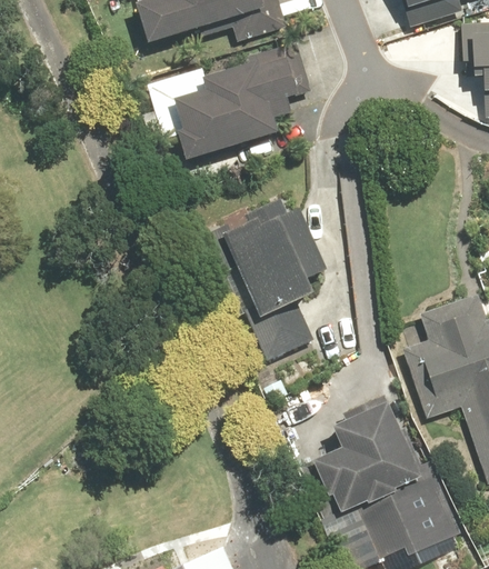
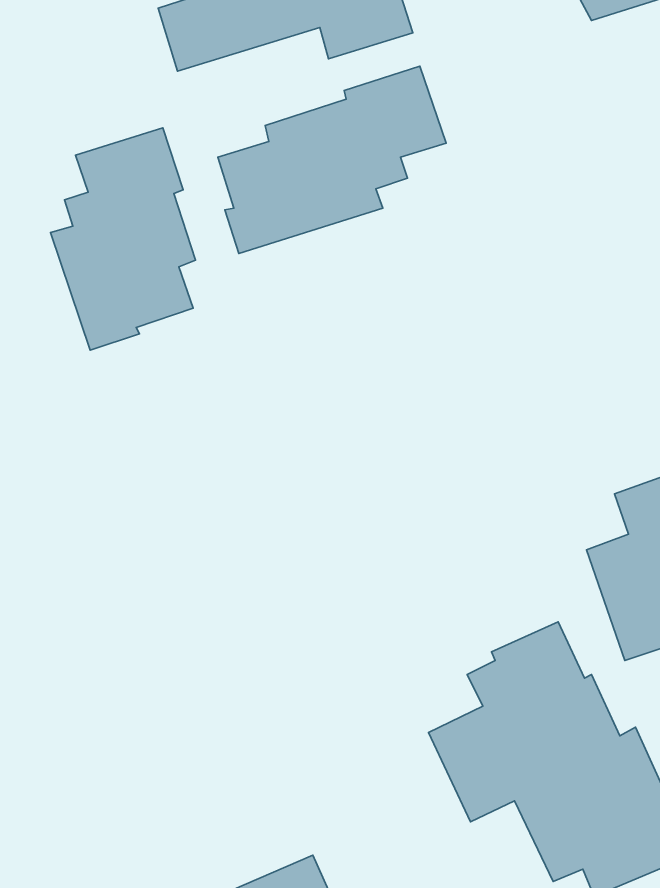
building: none -> [51,128,196,350]
building: [202,201,329,361] -> none

